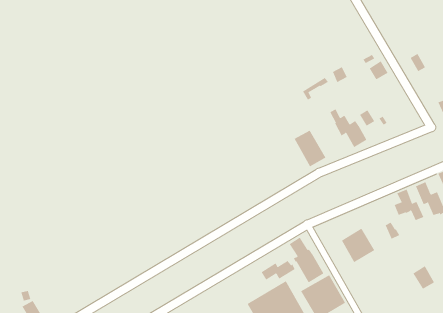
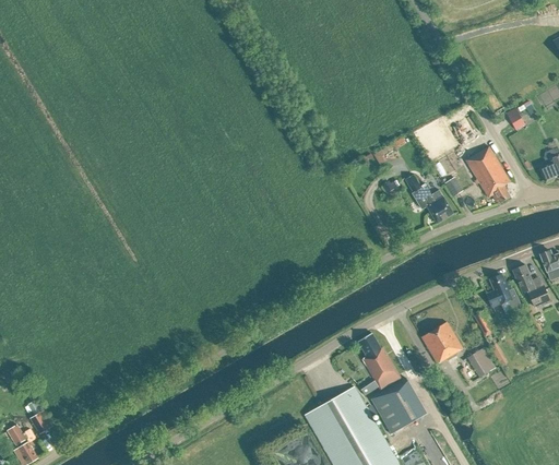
building: none -> [465,146,510,203]
building: [294,130,326,167] -> none
building: [261,260,295,280] -> none
building: [413,265,435,289] -> [467,347,495,377]

